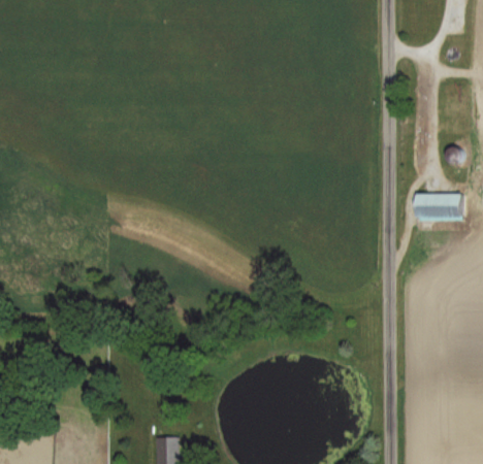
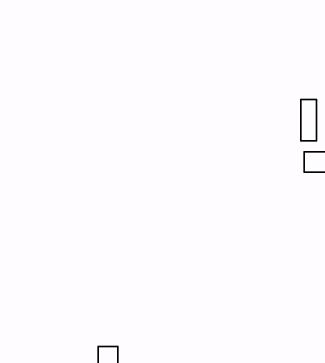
building: none -> [301,100,317,141]

